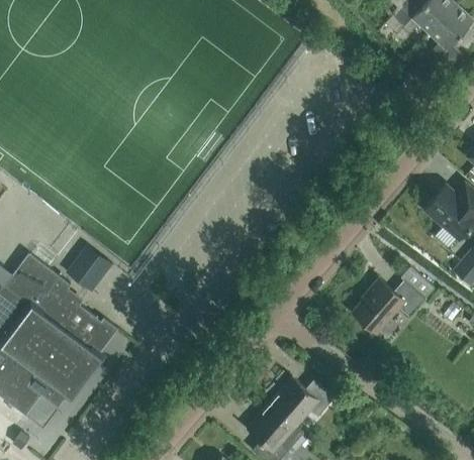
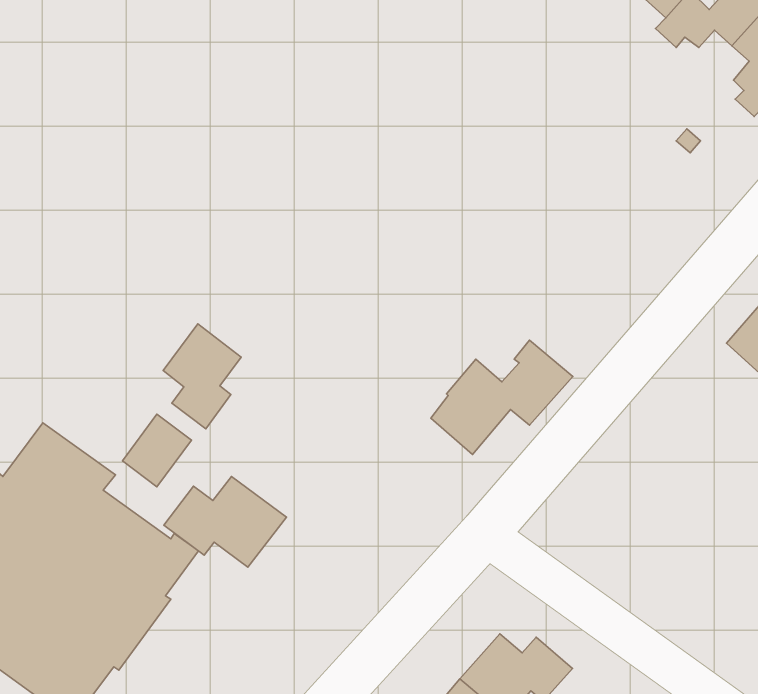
building: none -> [163,324,241,429]
building: [353,267,436,334] -> [431,340,573,454]
building: none -> [164,477,286,567]

